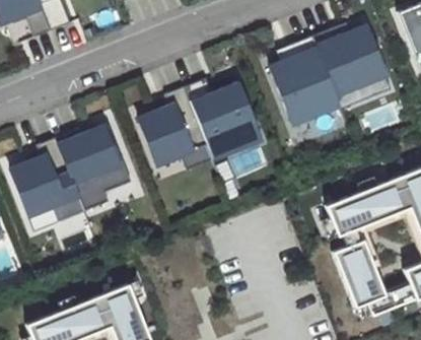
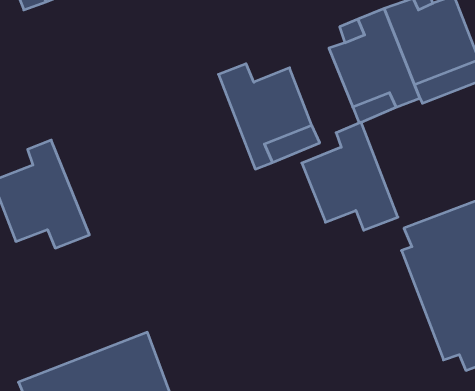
building: [139,85,213,168] -> [302,122,398,230]
building: [56,122,132,209] -> none

